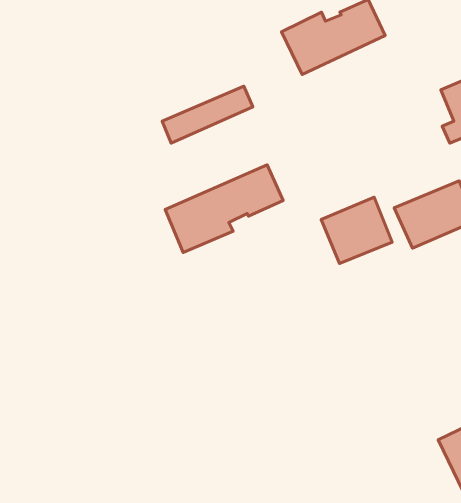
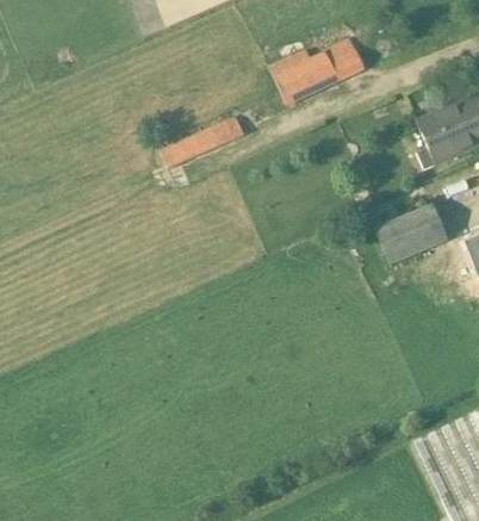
building: [165,165,283,252] -> none
building: [321,197,392,264] -> none

